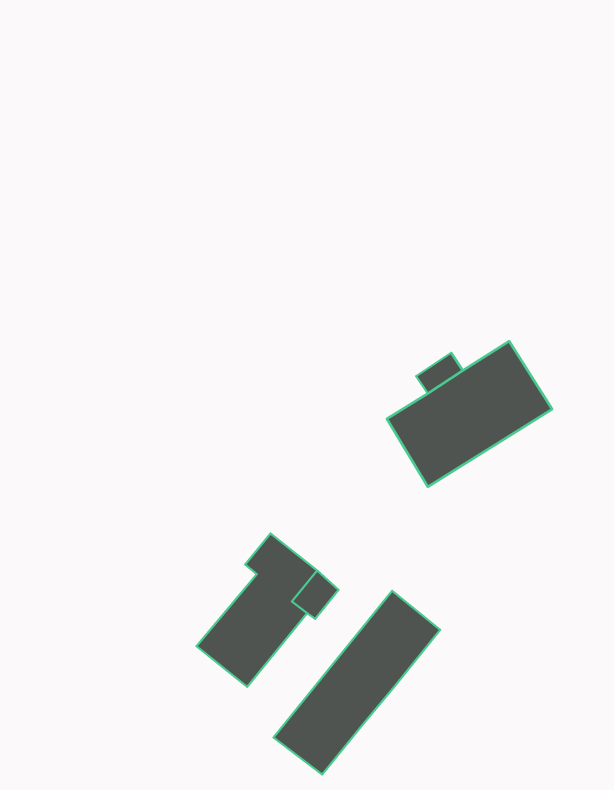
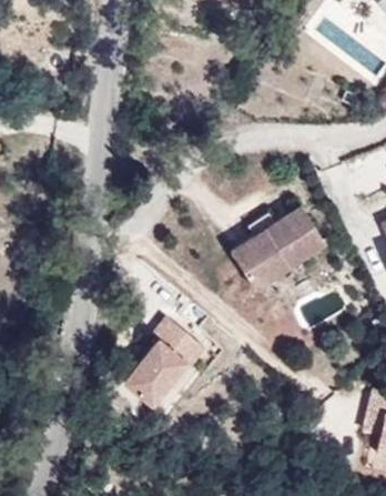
building: [274,591,440,774] -> none

